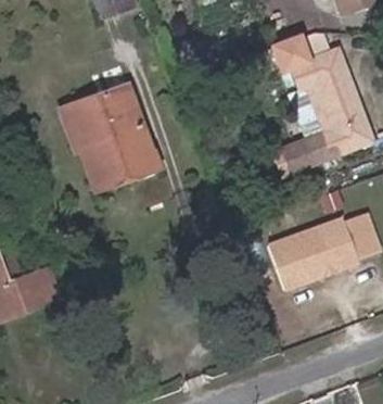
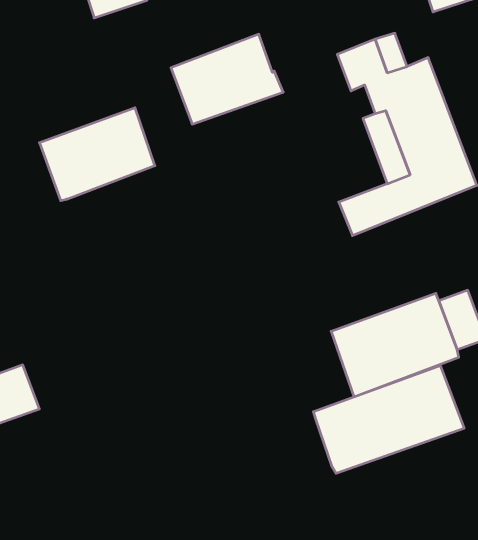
building: [80,125,161,189] -> [171,34,283,124]
building: none -> [313,365,464,473]

